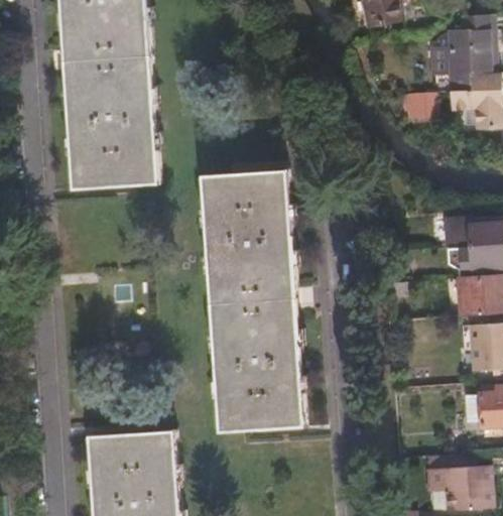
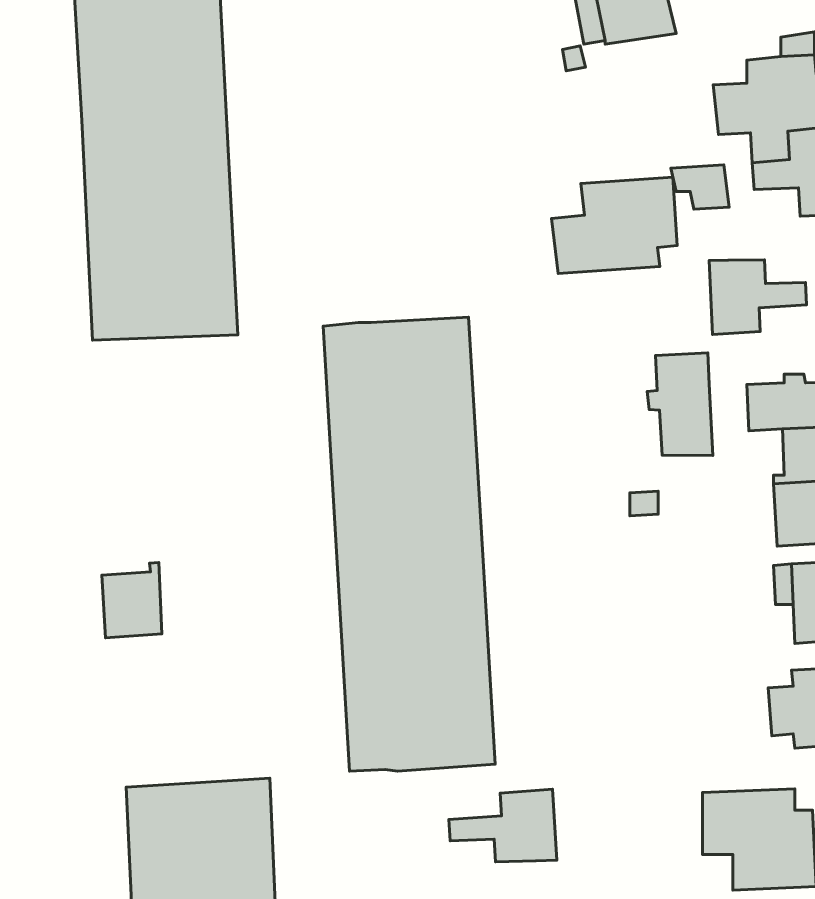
building: none -> [551,177,677,274]
building: none -> [709,260,807,334]
building: none -> [647,353,713,456]
building: none -> [102,562,162,638]
building: none -> [449,789,557,862]

